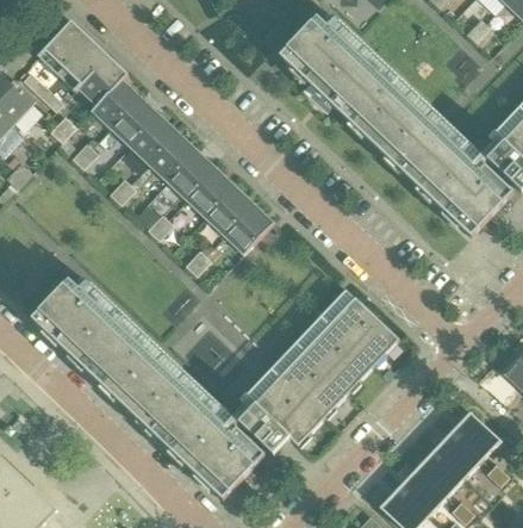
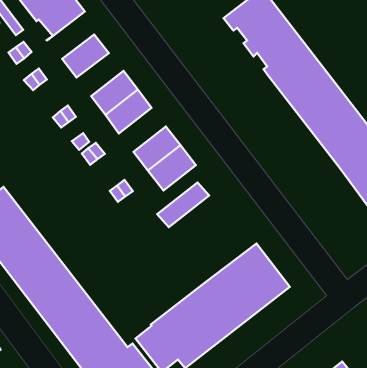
building: [91,72,141,128] -> none
building: [129,113,179,163] -> none
building: [185,166,235,217] -> none
building: none -> [157,183,209,227]

